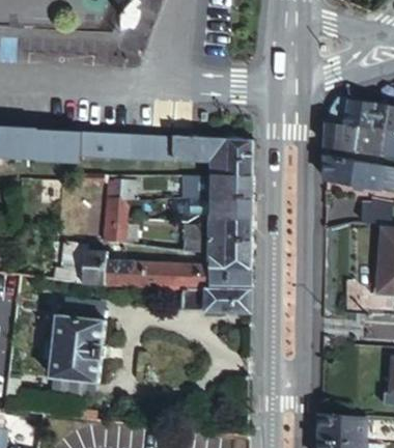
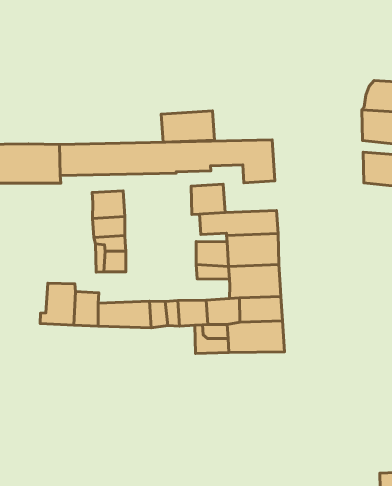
building: [209,174,251,198] -> [161,111,215,142]
building: [51,311,105,379] -> none

